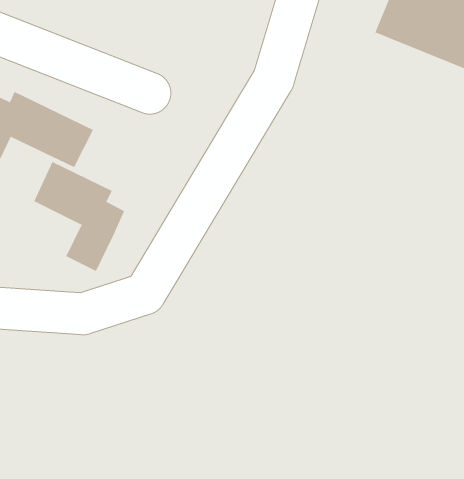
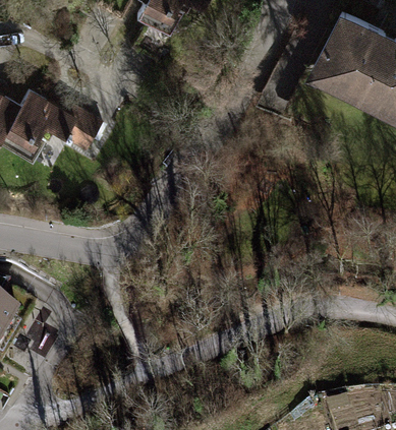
building: [33,161,125,272] -> none

